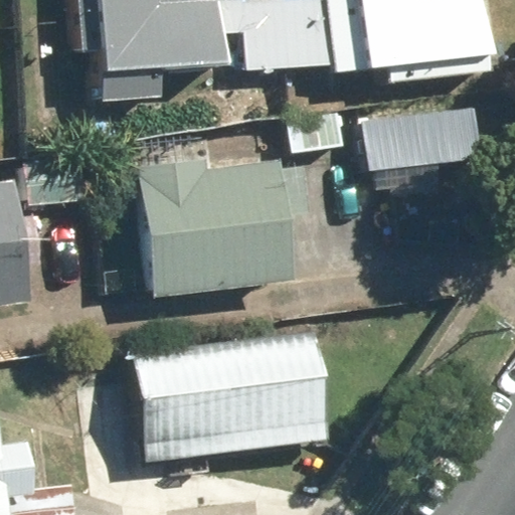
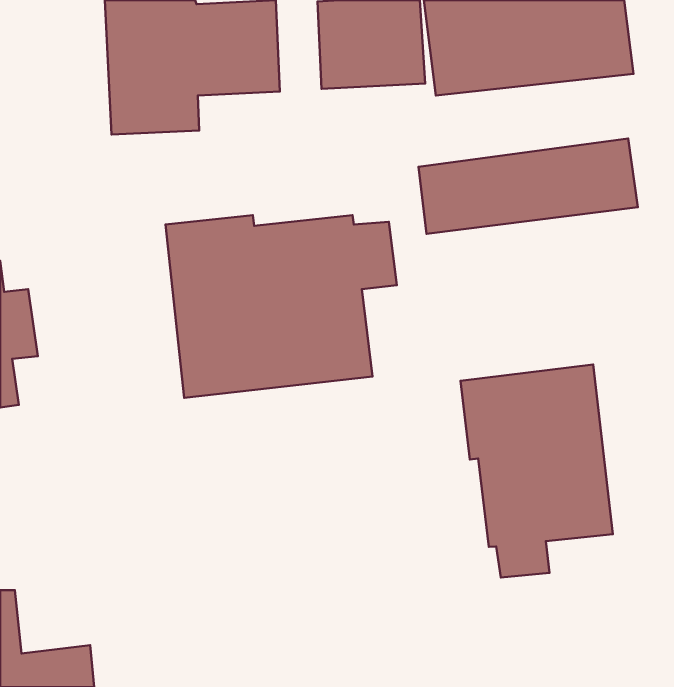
building: none -> [460,365,613,578]
building: [146,345,330,453] -> none

